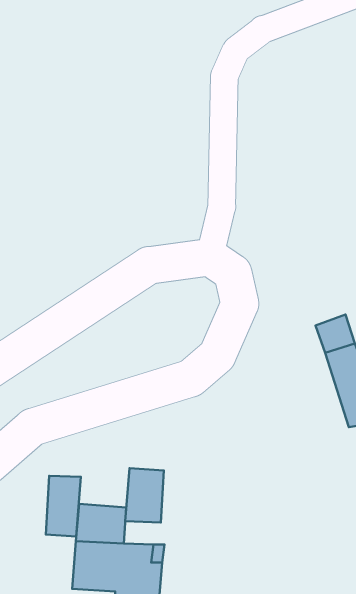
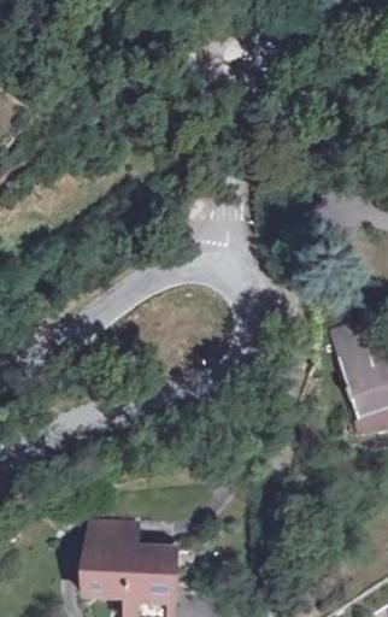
building: [125,468,164,522] -> none
building: [46,476,81,537] -> none

